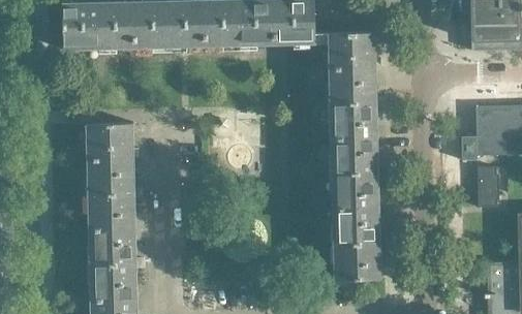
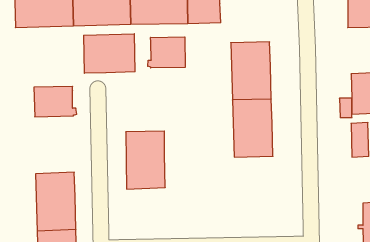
building: [328,31,379,68] -> none
building: none -> [84,34,135,73]
building: none -> [148,37,185,68]
building: [87,158,135,229] -> [126,131,165,189]
building: [332,208,380,279] -> none

